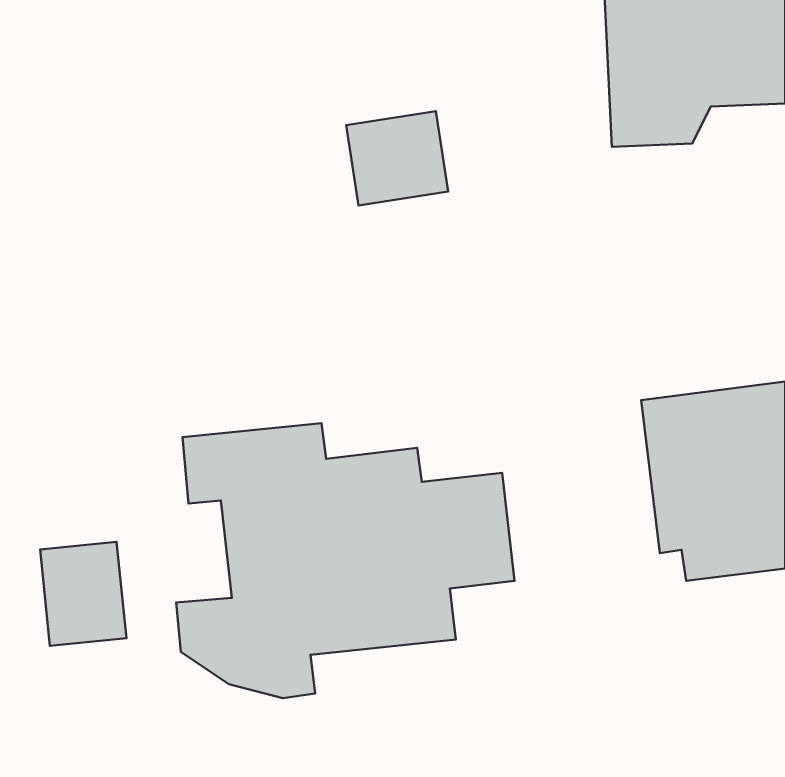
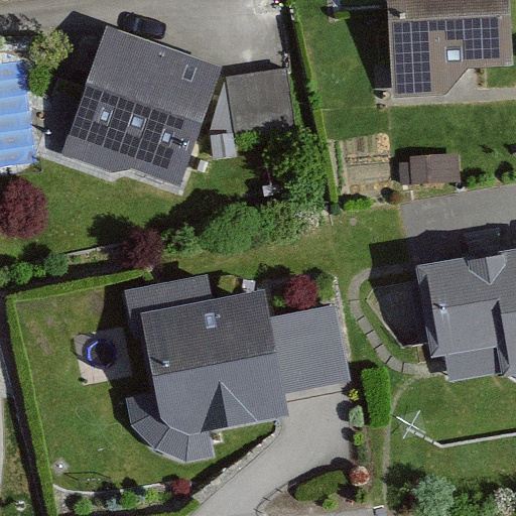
building: none -> [61,24,221,184]
building: [40,542,126,646] -> none

